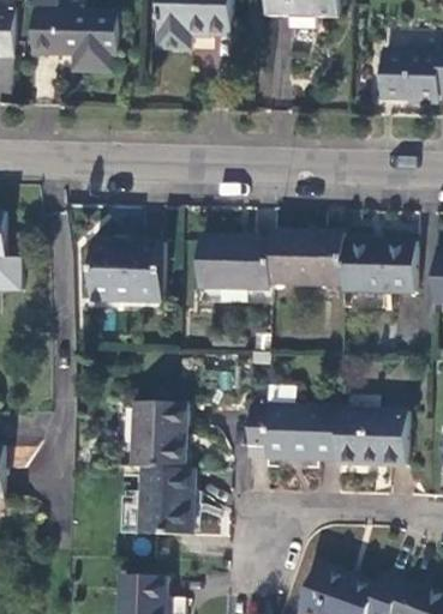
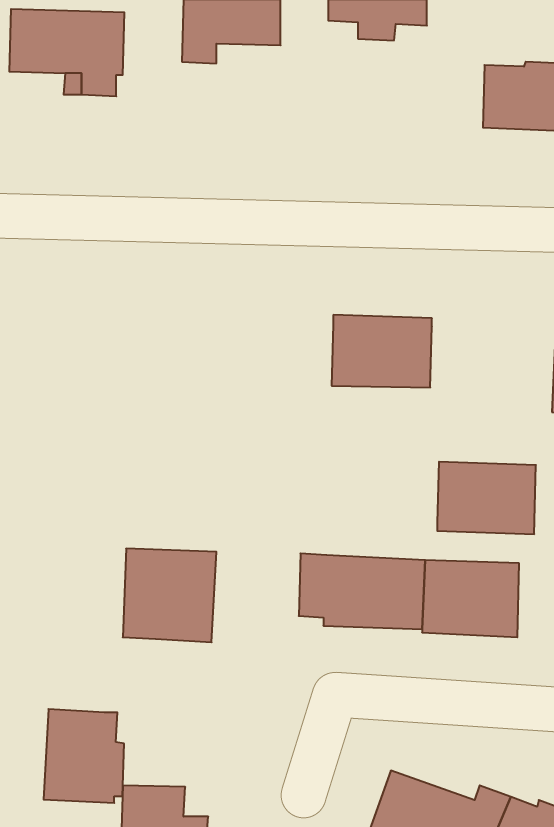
building: [198,236,271,290] -> none
building: [342,240,414,293] -> [437,462,536,534]
building: [90,241,164,301] -> none
building: [138,468,197,536] -> [44,709,124,803]

